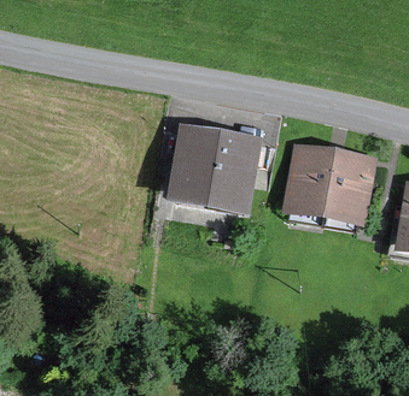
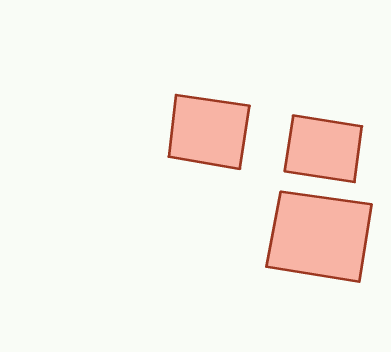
building: none -> [266,192,371,282]

